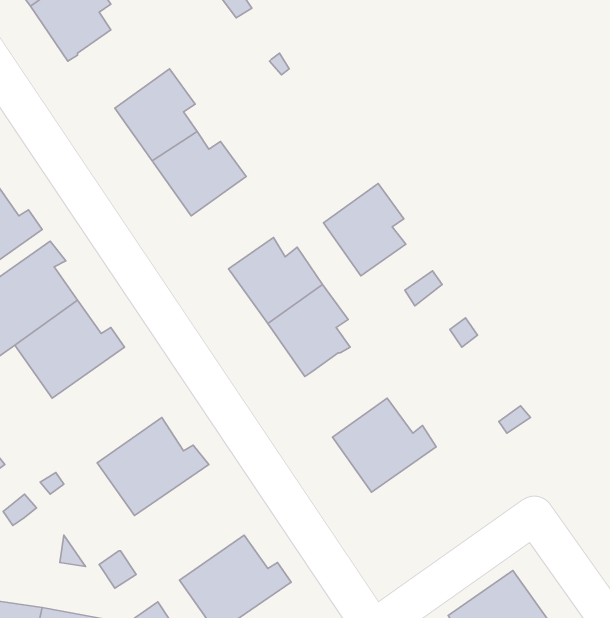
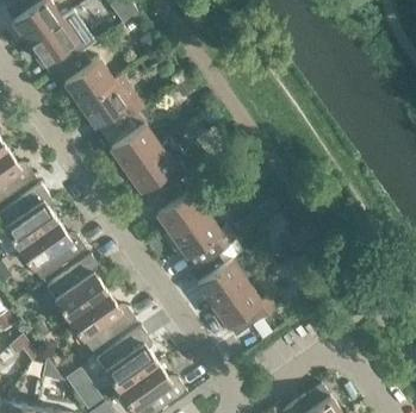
building: none -> [56,50,112,102]
building: [323,184,406,276] -> [125,144,175,200]
building: none -> [188,251,244,302]
building: none -> [45,255,107,318]
building: none -> [95,326,157,389]

